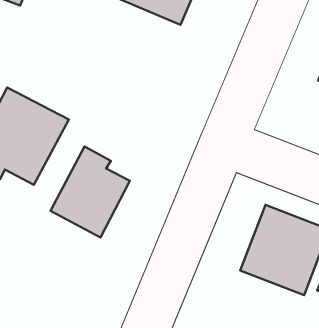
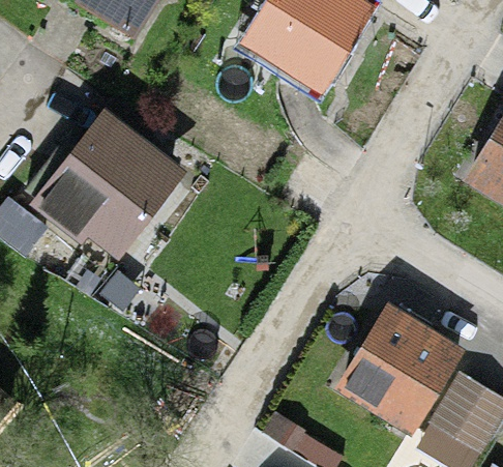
building: [50,146,130,238] -> none

